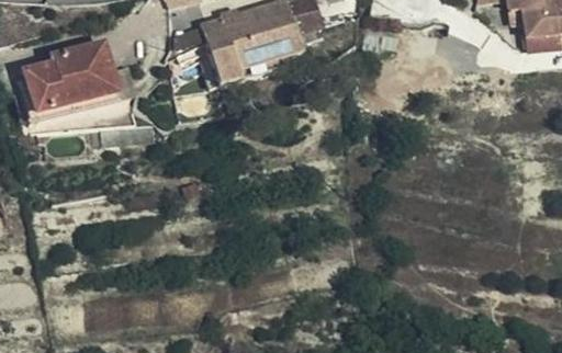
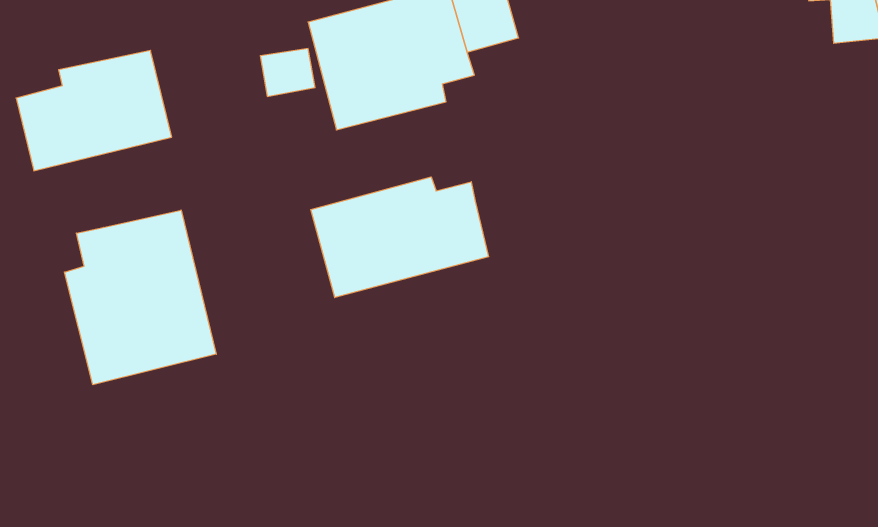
building: none -> [311,177,488,298]
building: none -> [64,210,216,385]

